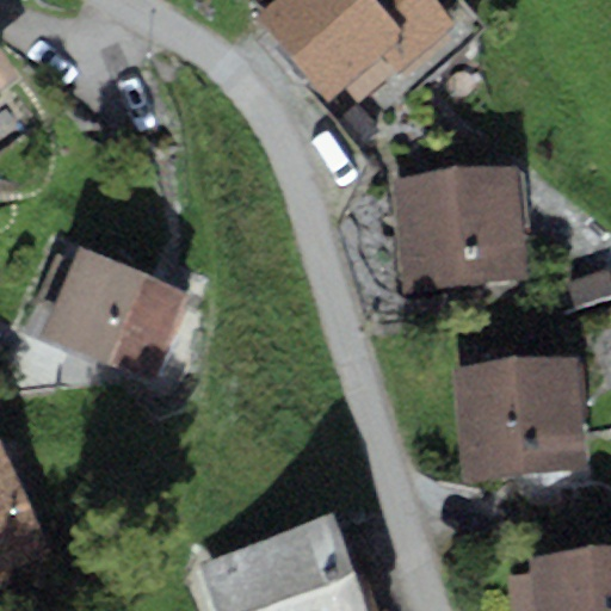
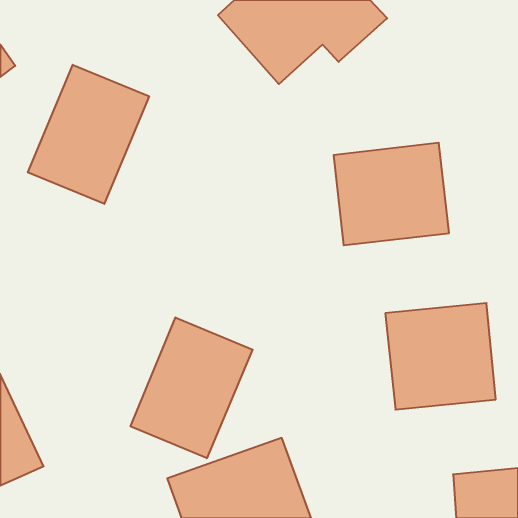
building: none -> [28,65,149,204]
building: [39,246,190,381] -> none
building: none -> [131,317,253,458]

